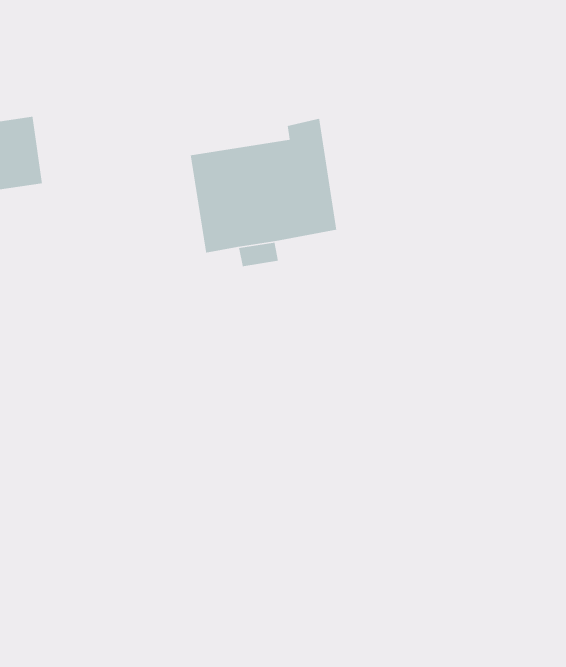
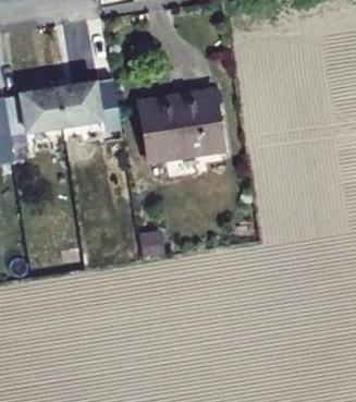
building: none -> [53,78,119,132]

